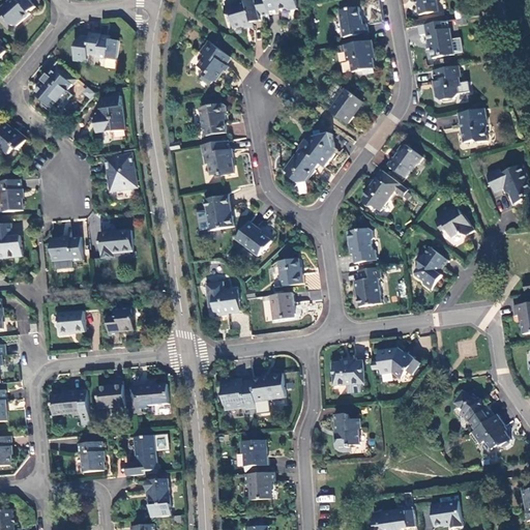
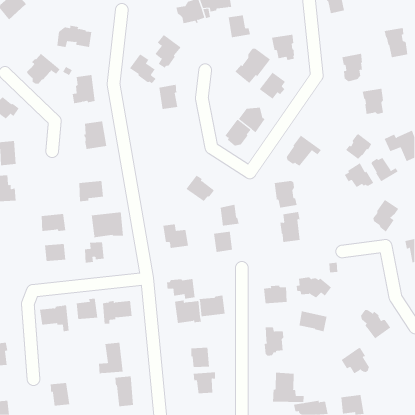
building: [338,10,367,39] -> [228,15,251,38]
building: [422,23,453,61] -> [384,28,408,58]
building: none -> [234,48,271,84]
building: none -> [129,54,156,84]
building: [203,143,234,178] -> none
building: [389,145,423,178] -> [345,133,372,160]
building: [205,197,234,231] -> none
building: none -> [371,157,399,182]
building: [50,236,82,259] -> [41,213,66,231]
building: [414,248,448,291] -> [372,199,399,233]
building: none -> [91,212,124,238]
building: none -> [167,278,195,299]
building: none -> [298,311,327,332]
building: [474,414,511,448] -> [341,347,370,374]
building: [77,440,102,470] -> [50,383,70,406]
building: none -> [272,372,304,403]

